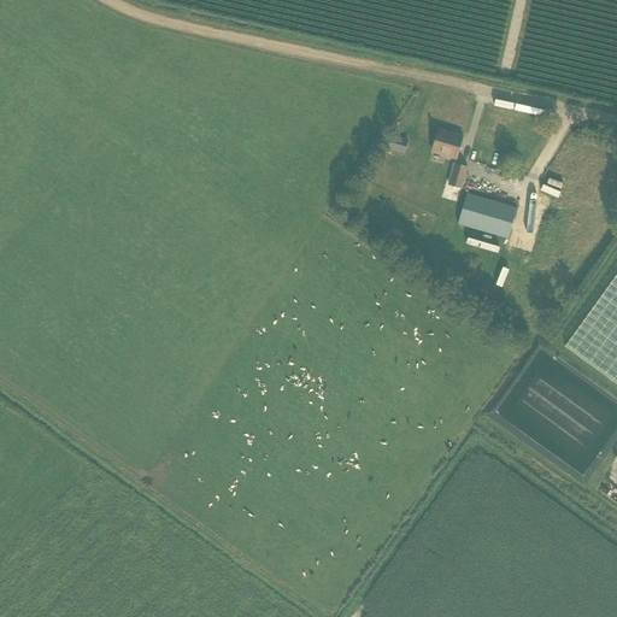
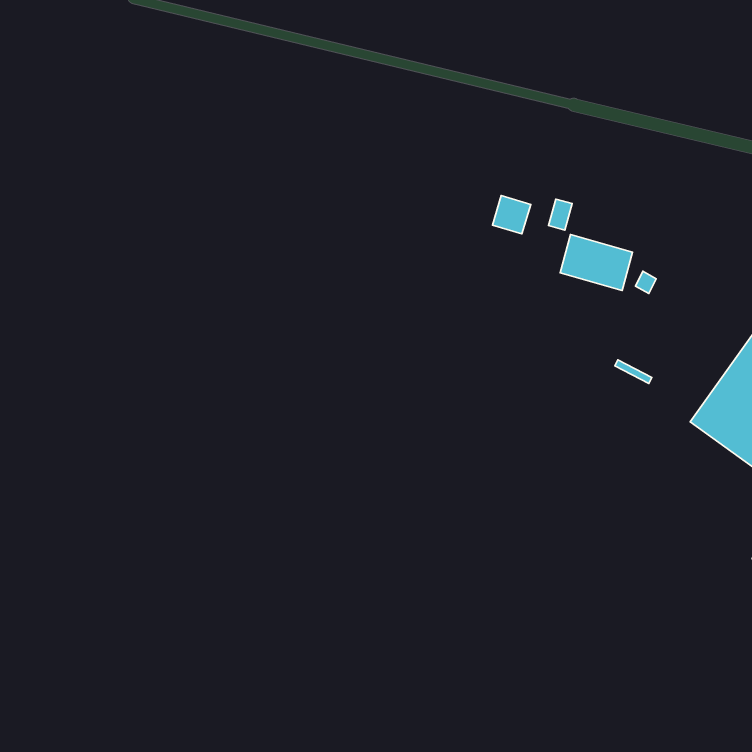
building: [433,128,464,159] -> [492,196,531,234]

